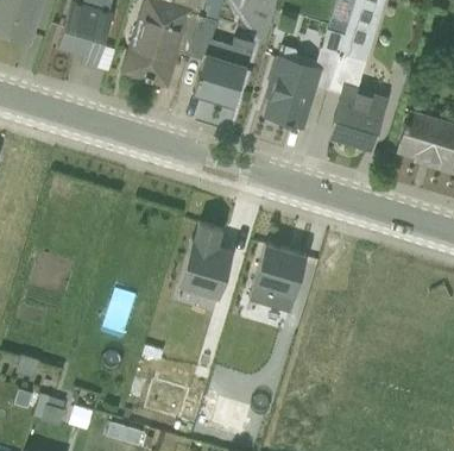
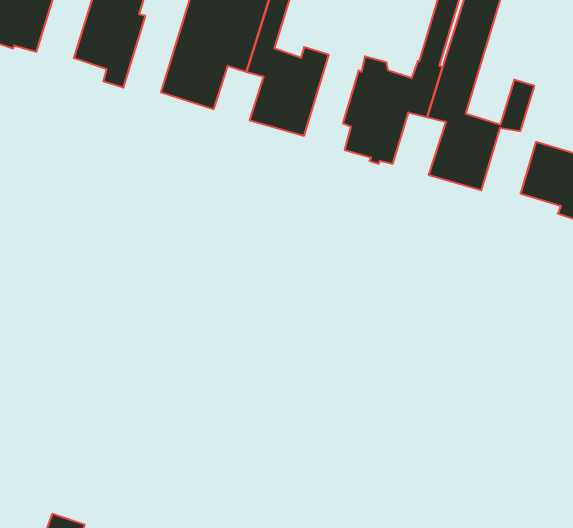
building: [177,224,233,300] -> none
building: [248,245,305,312] -> none

